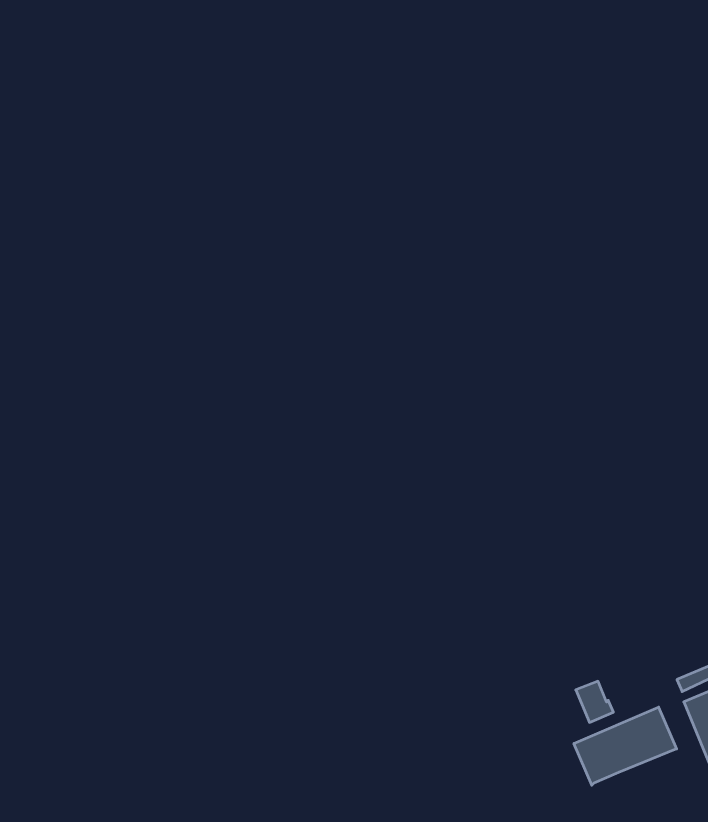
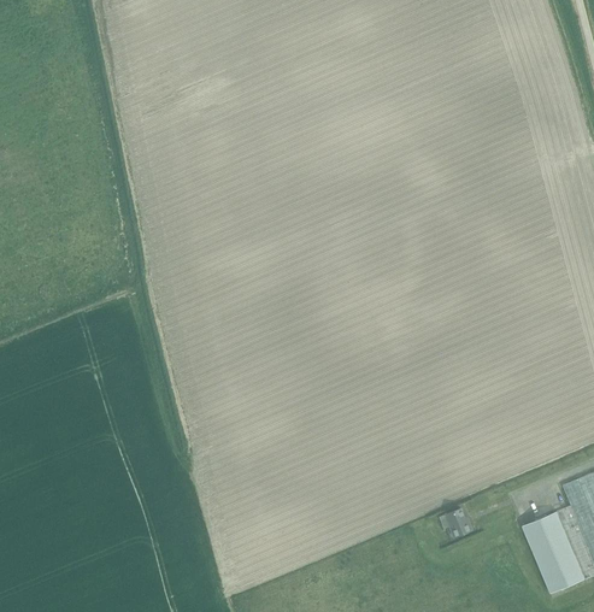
building: [574,707,677,785] -> none

